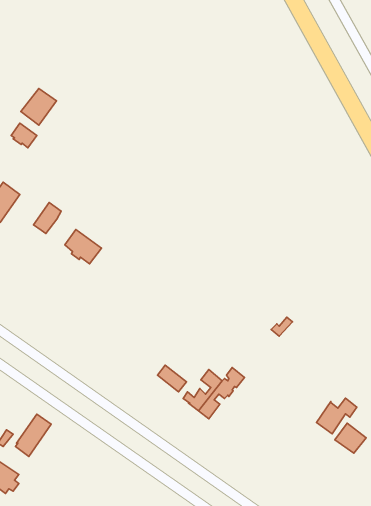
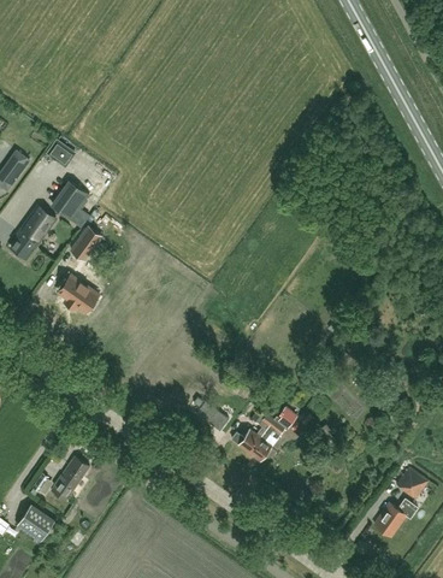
building: [21,88,56,125] -> none
building: none -> [53,181,88,219]
building: [65,229,102,264] -> [55,273,95,311]
building: [316,398,357,434] -> [373,497,417,536]

